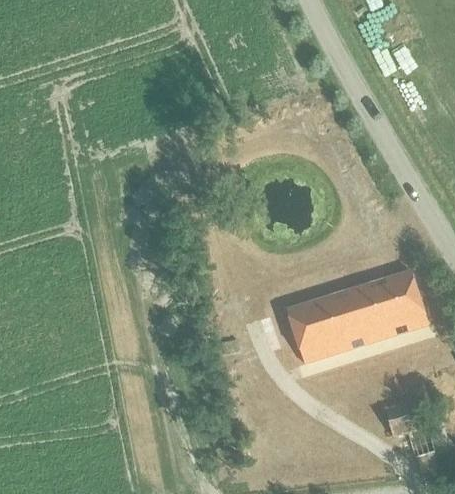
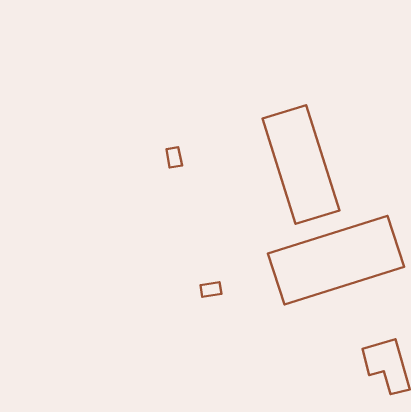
building: none -> [262,105,339,224]

